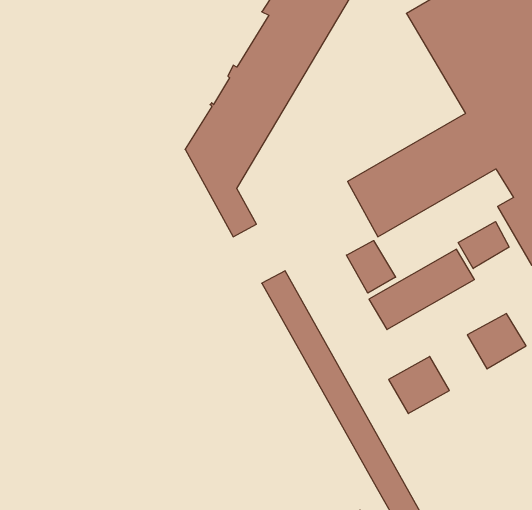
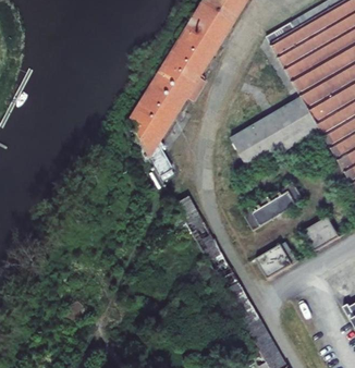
building: [458,222,509,269] -> none
building: [346,241,396,293] -> none

